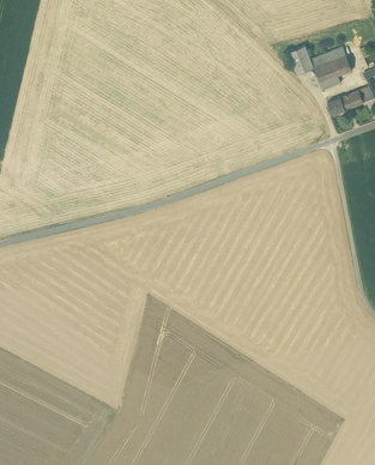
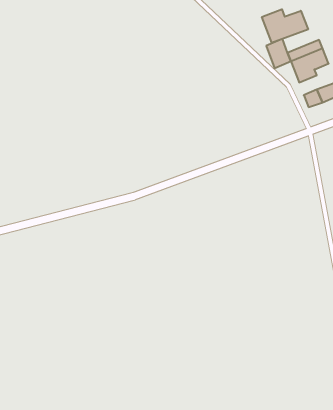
building: none -> [262,9,308,43]

